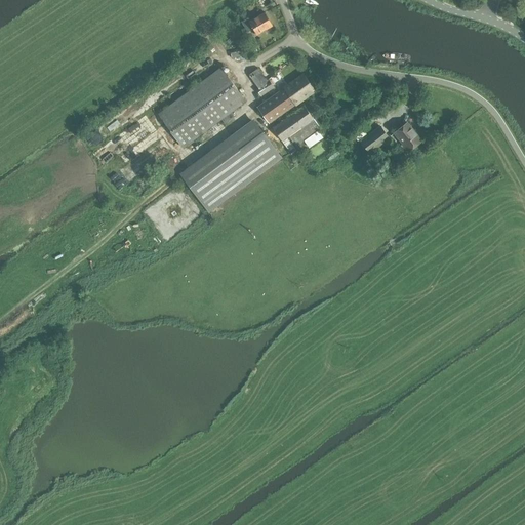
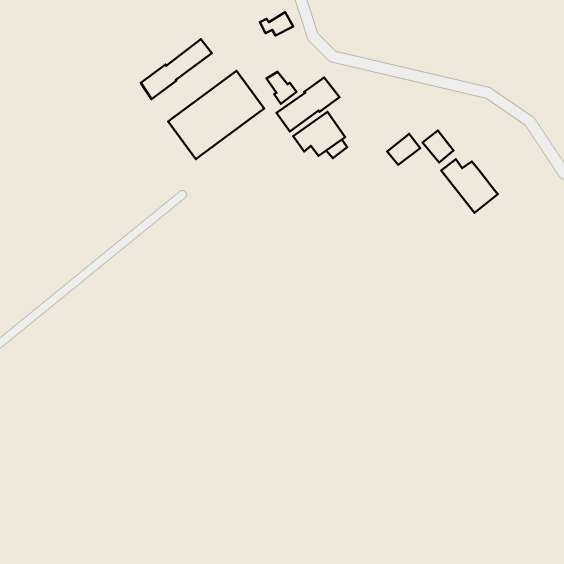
building: none -> [141,39,212,99]
building: [184,122,281,211] -> none
building: none -> [441,159,498,213]

